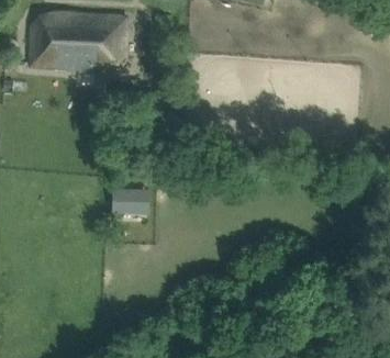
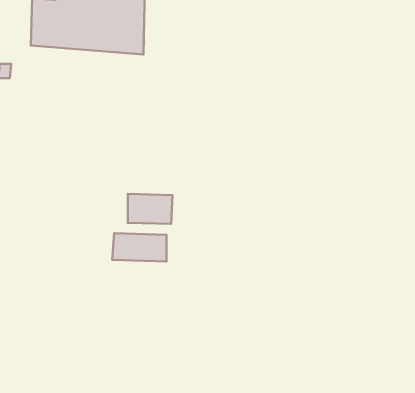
building: none -> [112,233,167,261]

